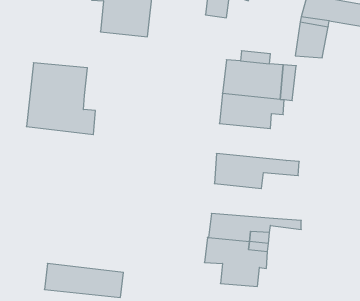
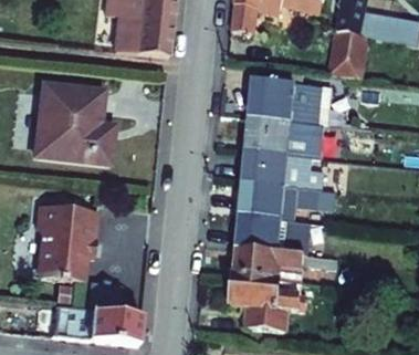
building: none -> [243,150,323,191]
building: none -> [36,202,98,280]
building: none -> [238,217,310,255]

